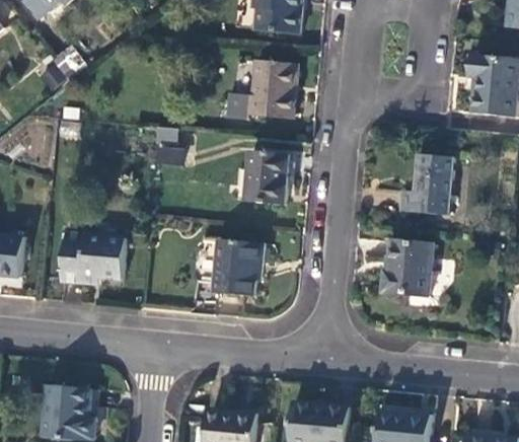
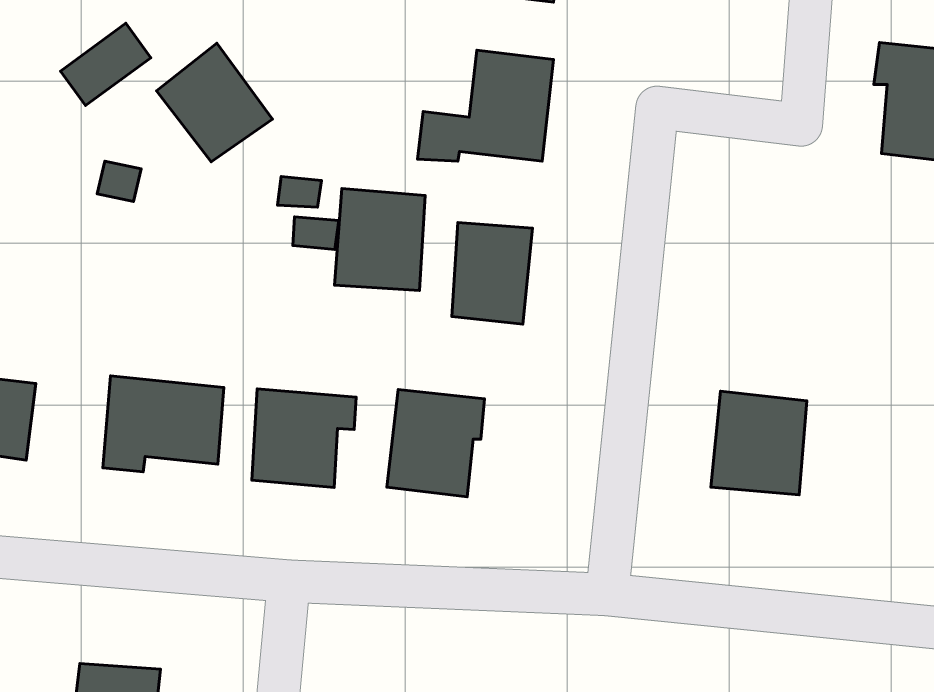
building: none -> [157,43,272,162]
building: none -> [334,189,425,290]
building: [400,152,457,214] -> none
building: none -> [252,389,356,488]

